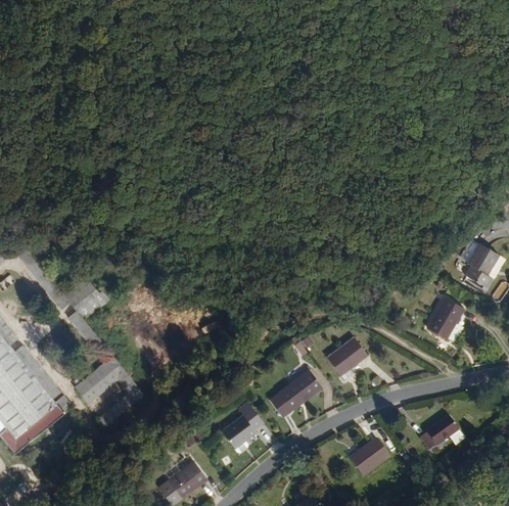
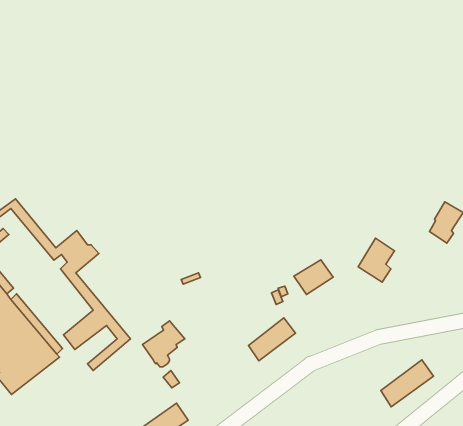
building: [422,300,461,347] -> [358,238,395,282]
building: [324,339,366,376] -> [294,260,333,294]
building: [218,404,263,453] -> [143,321,185,367]
building: [346,443,386,479] -> none

